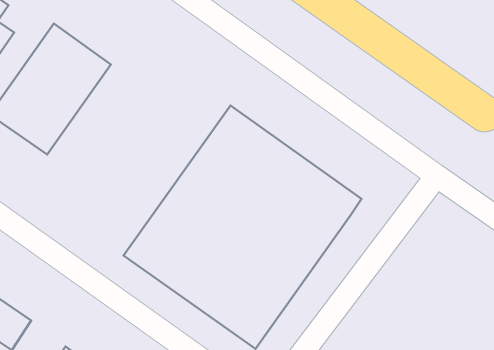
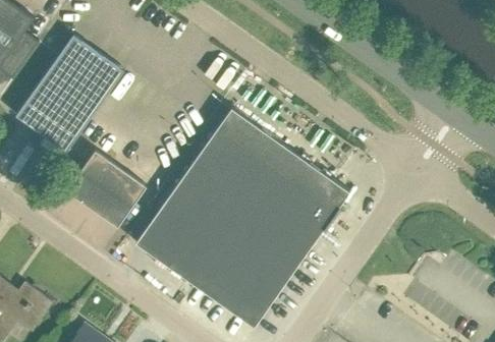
building: none -> [67,150,148,227]

